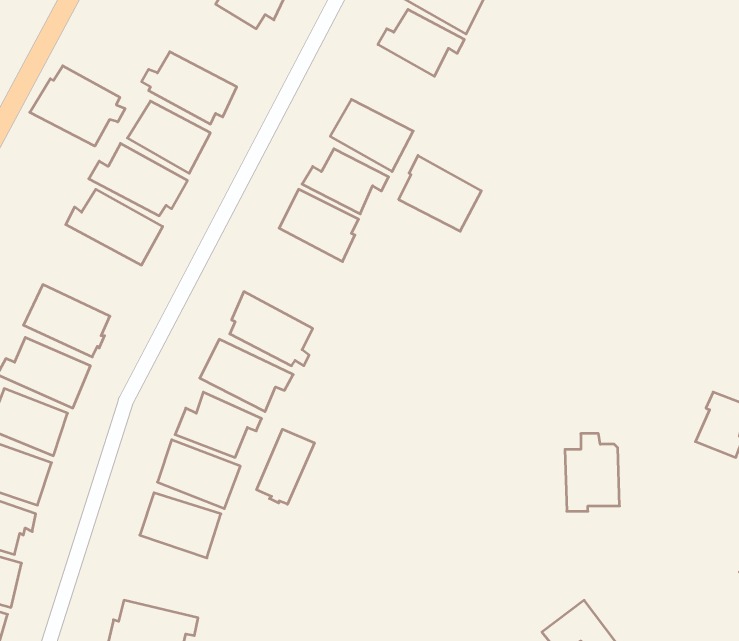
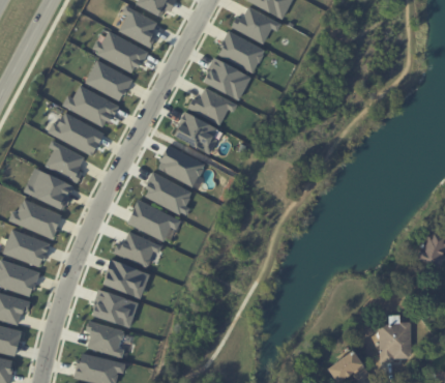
building: none -> [118,5,156,49]
building: [30,66,125,146] -> none
building: [399,155,481,231] -> [216,30,265,75]
building: none -> [44,140,84,183]
building: none -> [156,146,205,188]
building: [257,429,314,504] -> none
building: [565,434,620,511] -> [380,318,412,363]
building: none -> [85,321,125,358]

